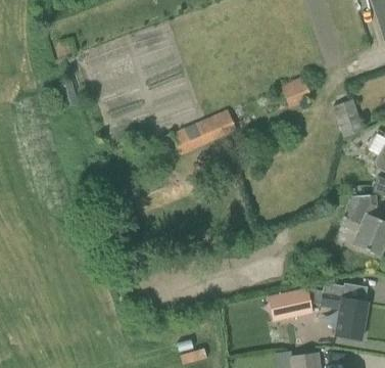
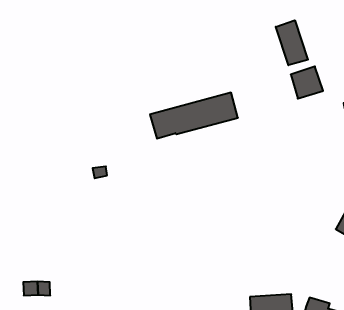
building: none -> [276,20,308,65]

